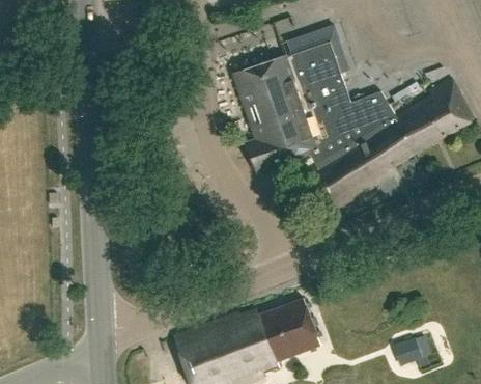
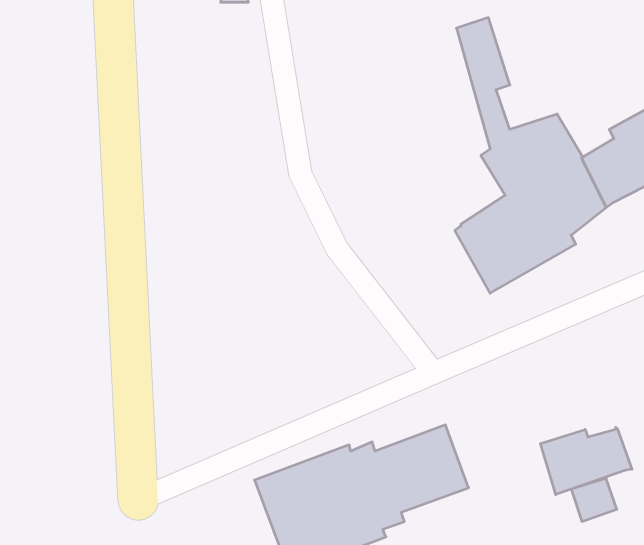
building: [233,30,345,172] -> none
building: none -> [540,427,632,495]

